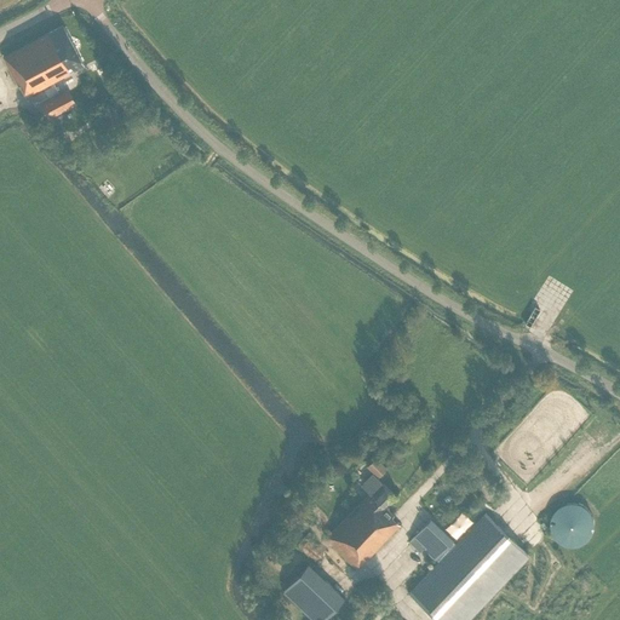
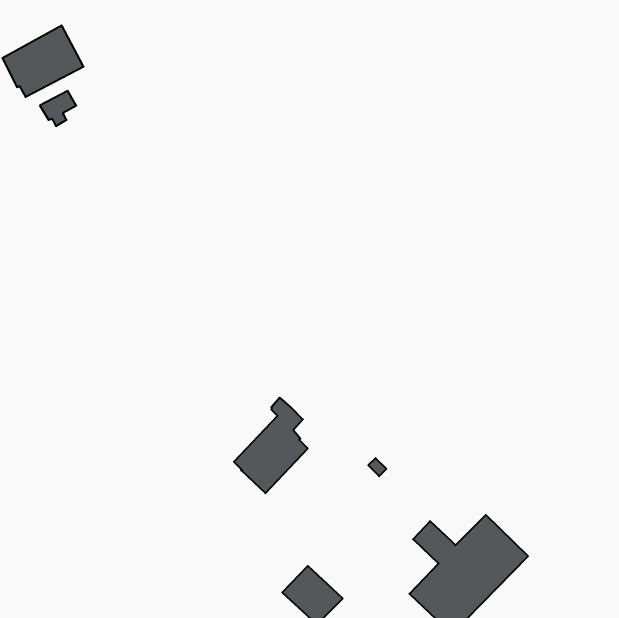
building: [326,476,400,572] -> [234,398,308,493]
building: [550,503,593,546] -> none

